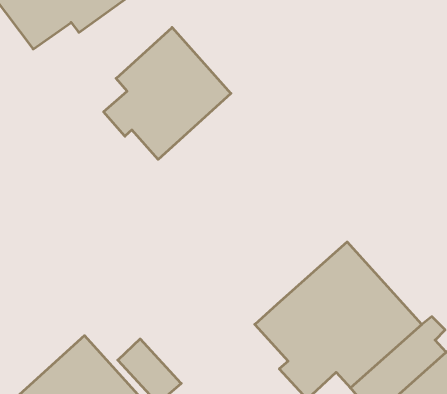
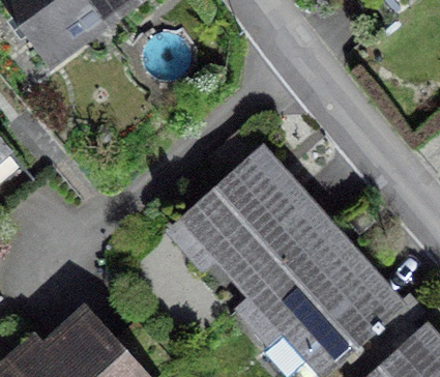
building: [104,27,231,159] -> none
building: none -> [174,151,329,287]

